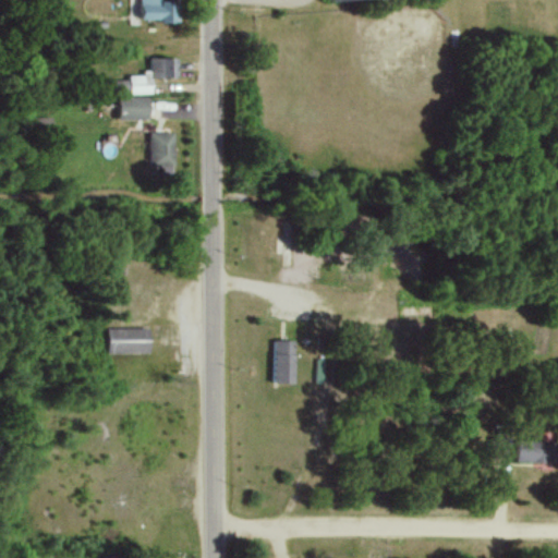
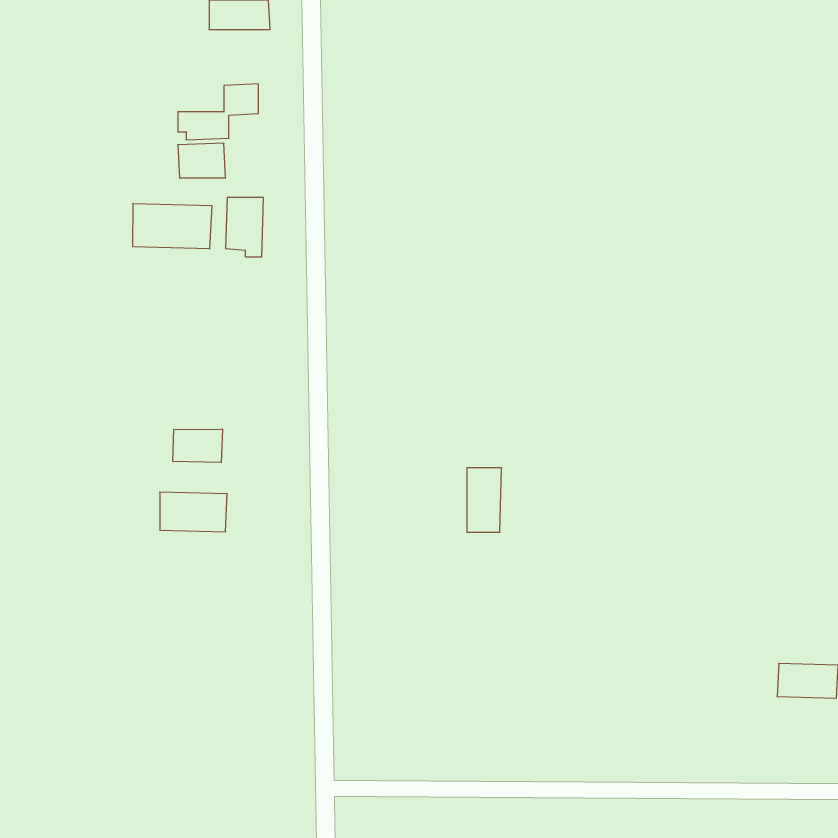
building: none -> [133,203,212,249]
building: none -> [173,429,222,463]
building: [274,341,296,384] -> [467,468,502,532]

